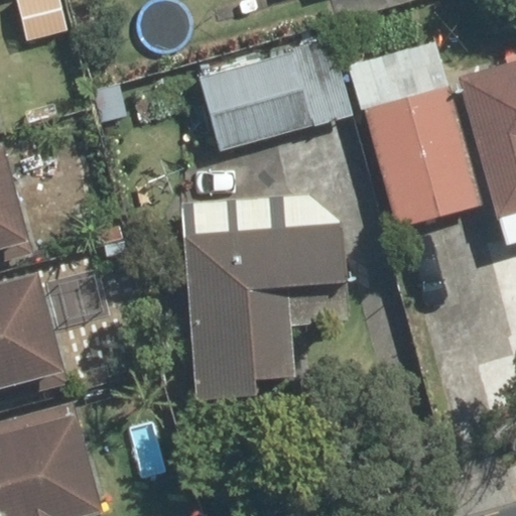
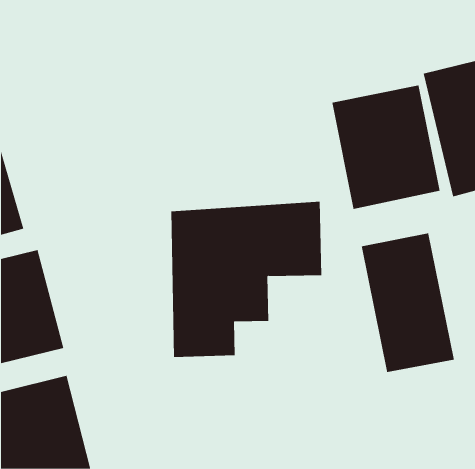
building: [194,38,348,150] -> none
building: none -> [361,232,455,373]

